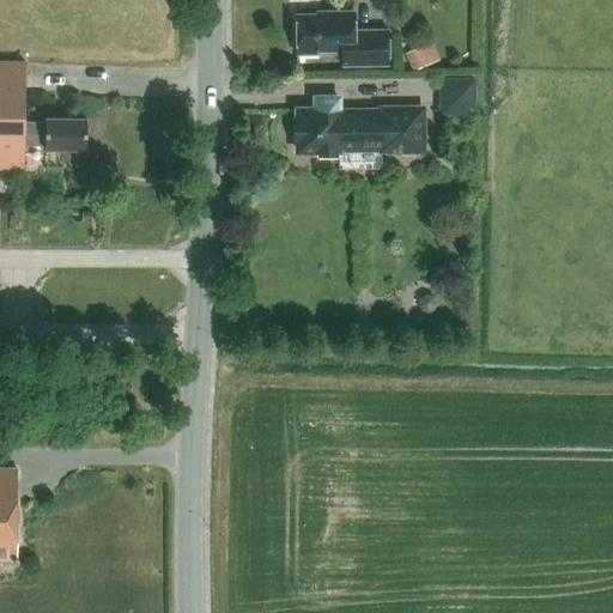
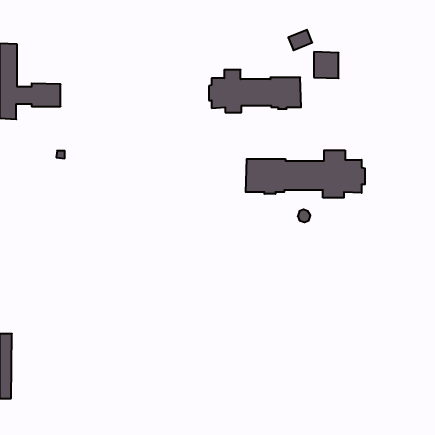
building: [296,12,388,66] -> none
building: none -> [246,150,365,198]

